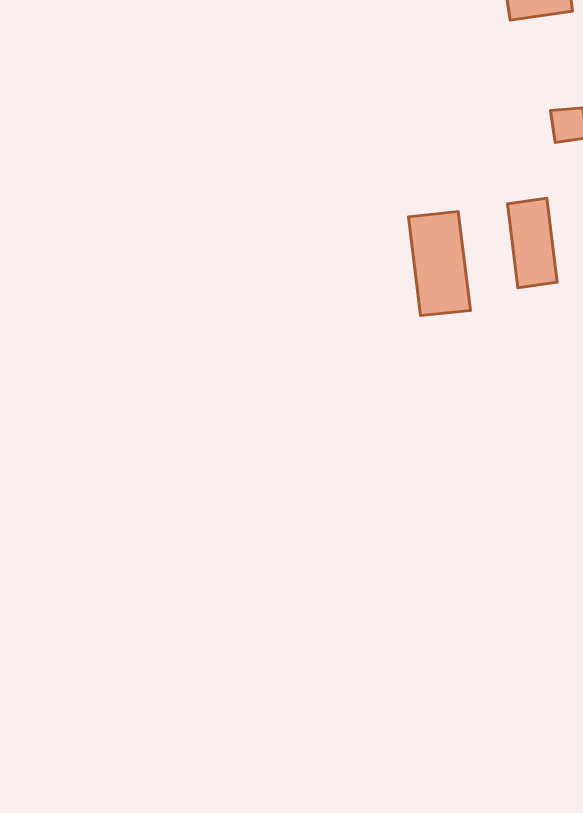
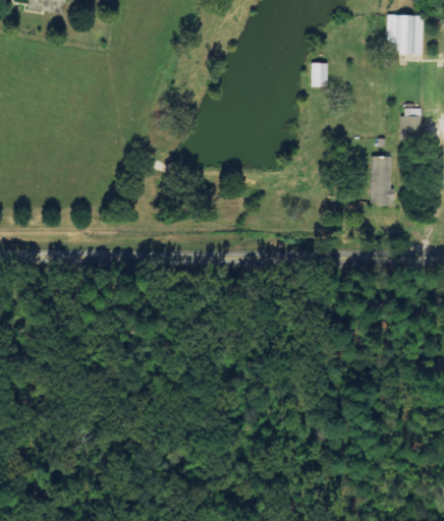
building: none -> [311,63,328,86]
building: [408,212,470,316] -> none

